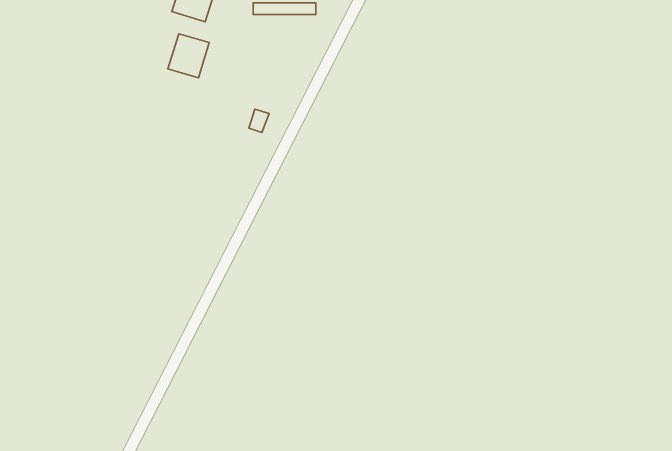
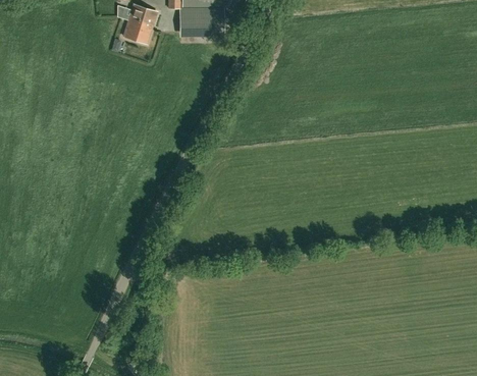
building: [168,34,209,78] -> none

